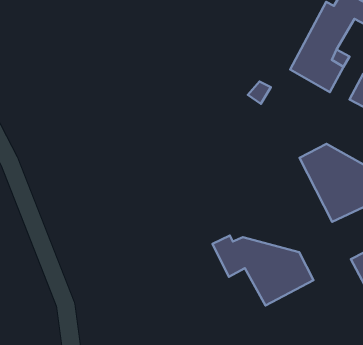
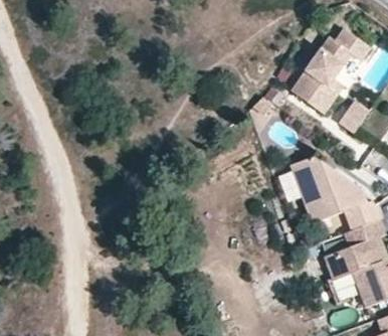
building: [212,235,313,305] -> none

